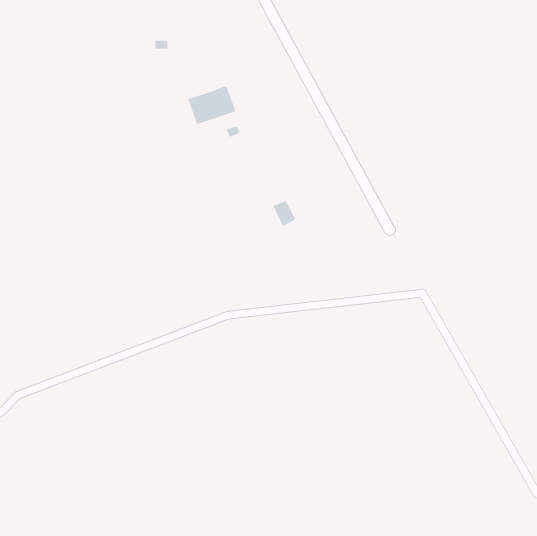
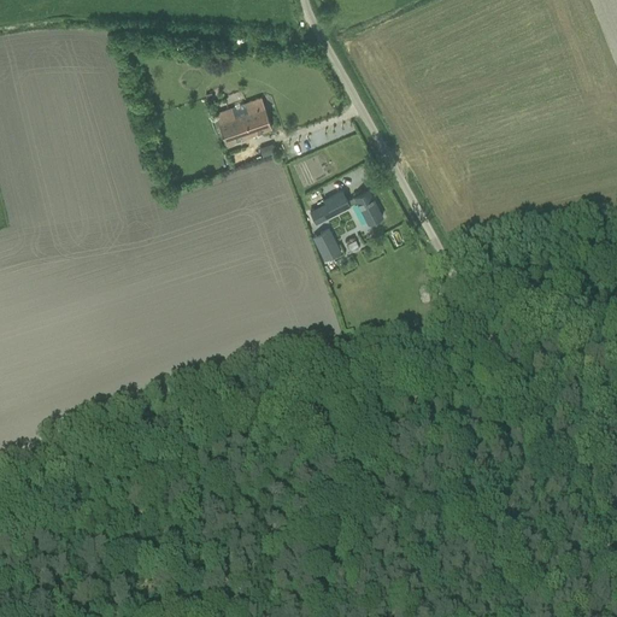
building: none -> [322,190,382,224]

